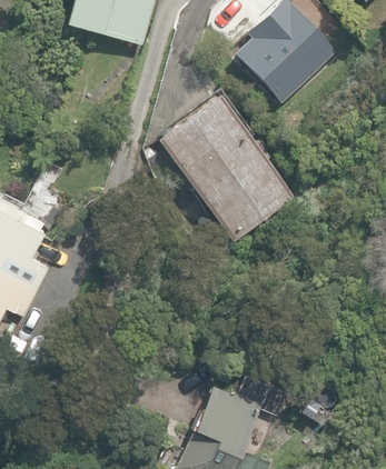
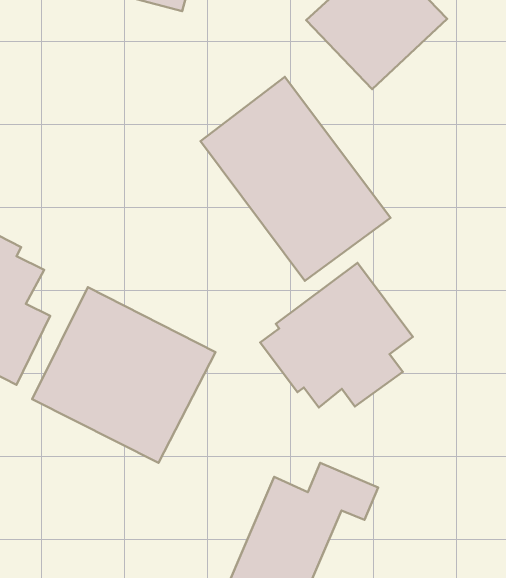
building: none -> [260,263,413,407]
building: none -> [32,287,215,463]

